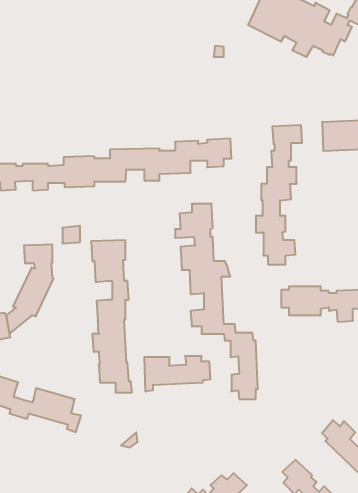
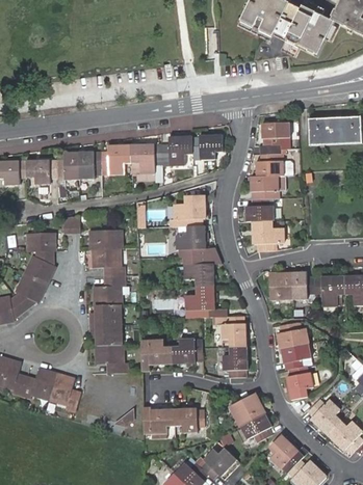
building: none -> [278,322,313,399]
building: none -> [233,395,273,441]
building: none -> [142,405,205,434]

